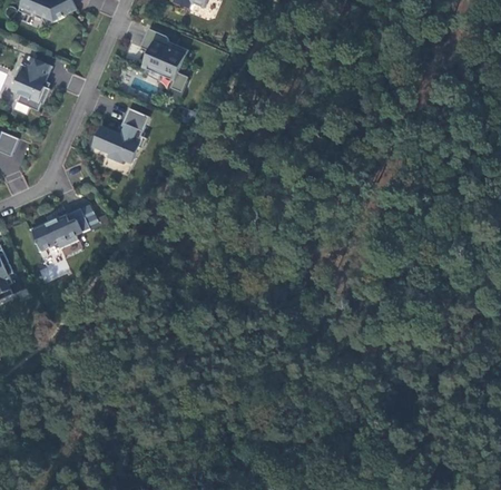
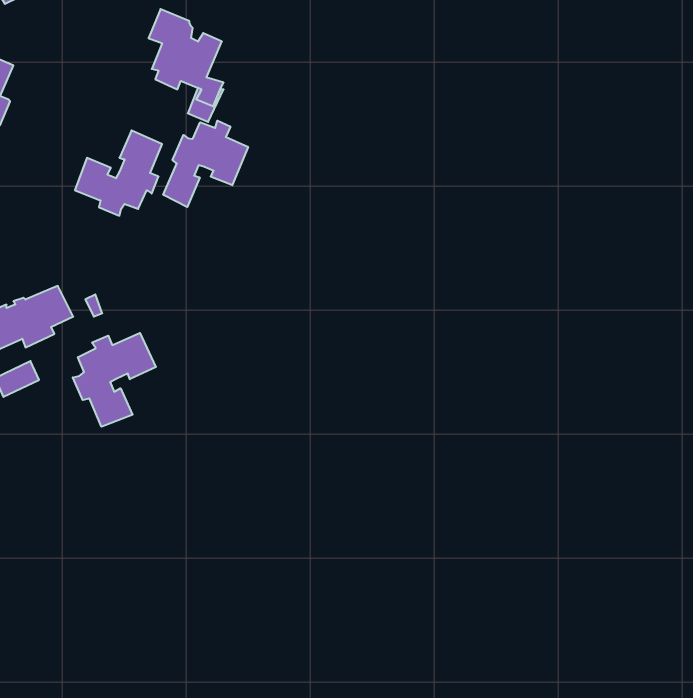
building: none -> [163,121,248,207]
building: none -> [73,333,156,427]

